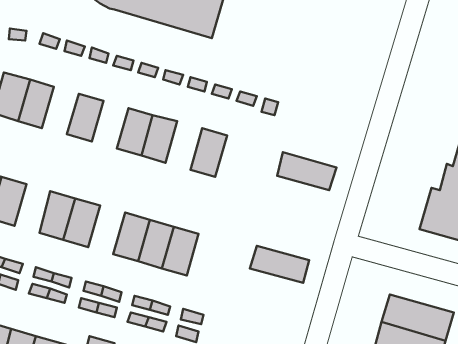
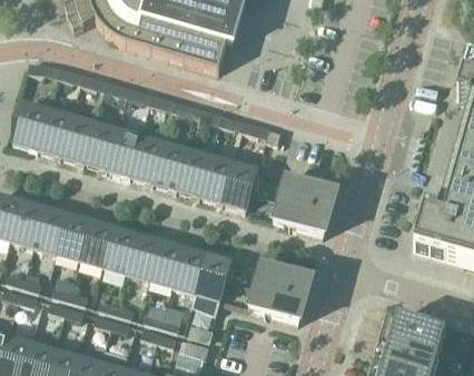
building: none -> [60,117,95,161]
building: none -> [107,130,141,175]
building: none -> [176,149,210,195]
building: none -> [223,162,258,208]
building: none -> [274,200,329,236]
building: none -> [34,208,68,254]
building: none -> [103,228,138,274]
building: none -> [192,255,231,313]
building: none -> [249,287,305,323]

